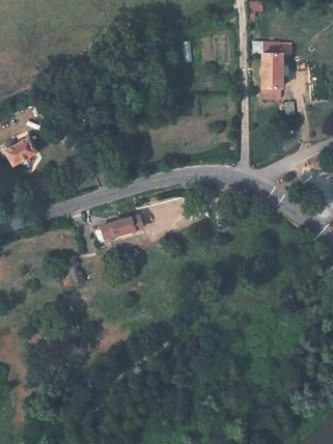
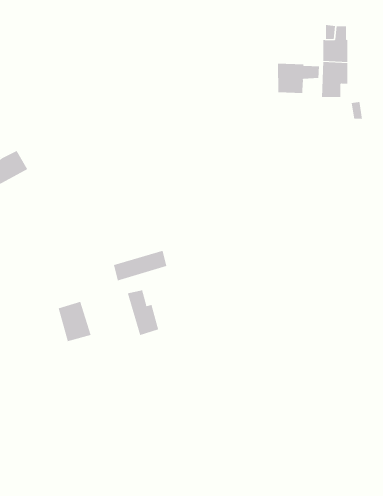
building: none -> [278,63,319,94]
building: none -> [127,289,159,336]

